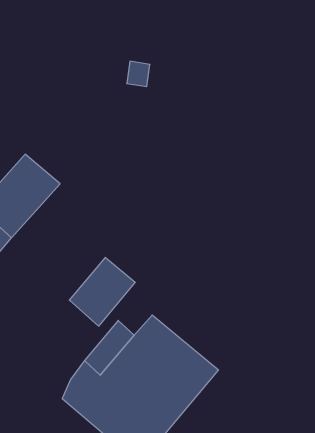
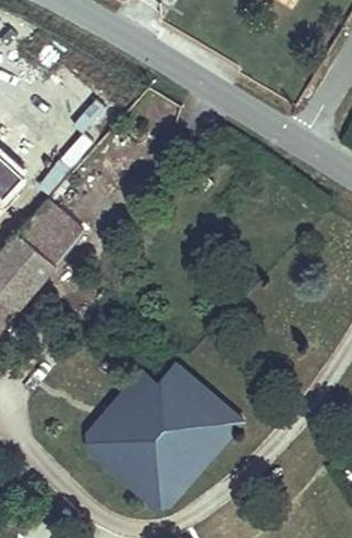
building: [69,257,135,326] -> none

